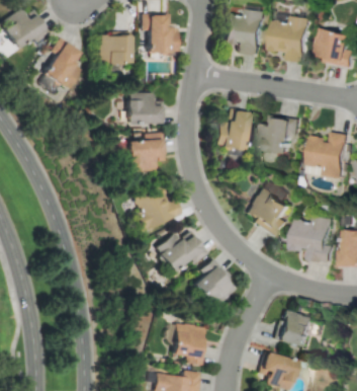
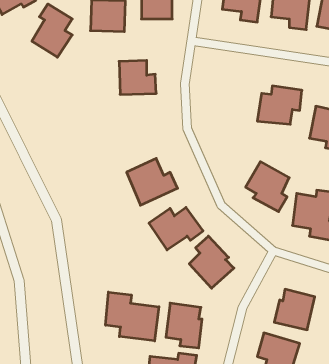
building: [212,109,248,150] -> none
building: [125,133,161,172] -> none
building: none -> [106,292,159,341]

